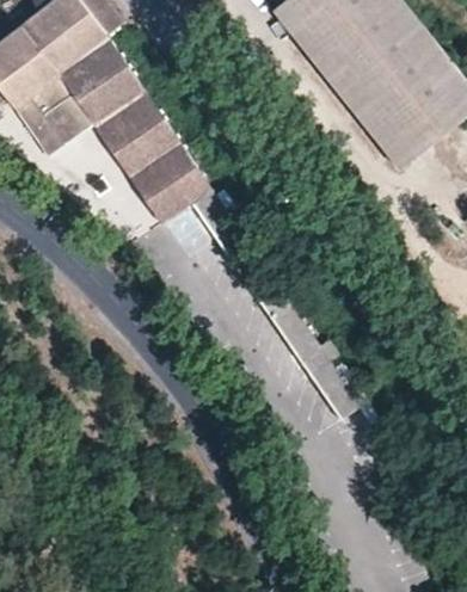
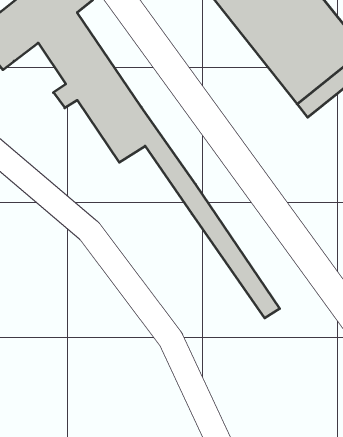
building: [29,73,93,144] -> none

